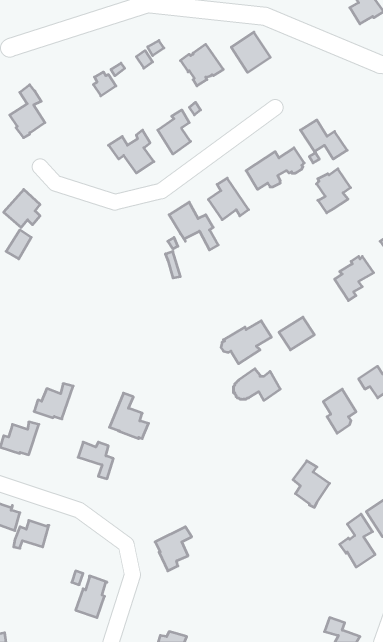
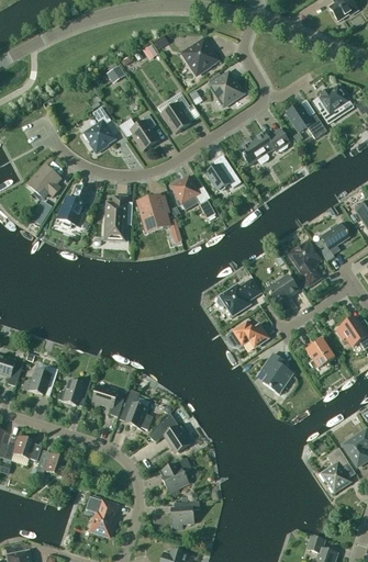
building: [231,32,270,72] -> [209,71,243,106]
building: [10,85,45,138] -> [83,106,114,153]
building: [316,169,351,213] -> [319,85,348,123]
building: none -> [57,186,92,227]
building: none -> [100,196,126,240]
building: none -> [140,199,167,228]
building: none -> [287,241,321,285]
building: [34,384,73,419] -> [58,375,92,406]
building: [109,393,149,439] -> [119,390,153,429]
building: [293,461,330,507] -> [260,353,292,394]
building: none -> [148,413,189,451]
building: none -> [170,501,199,529]

